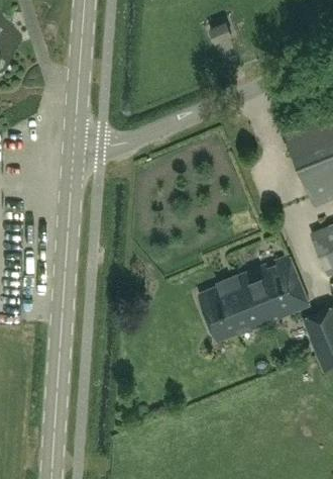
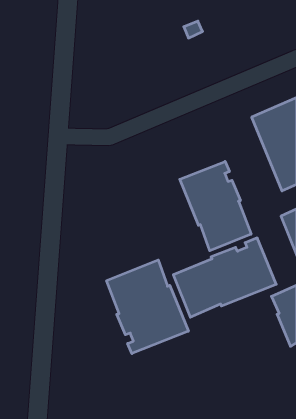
building: none -> [180,161,251,251]
building: none -> [107,260,188,354]

